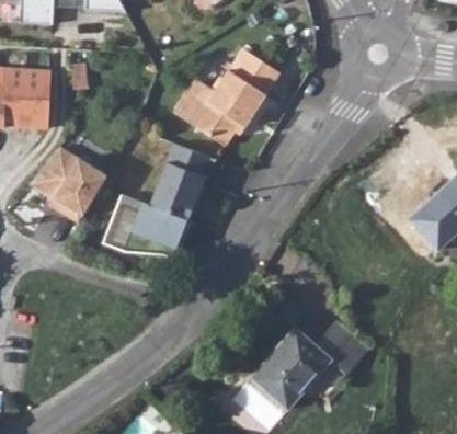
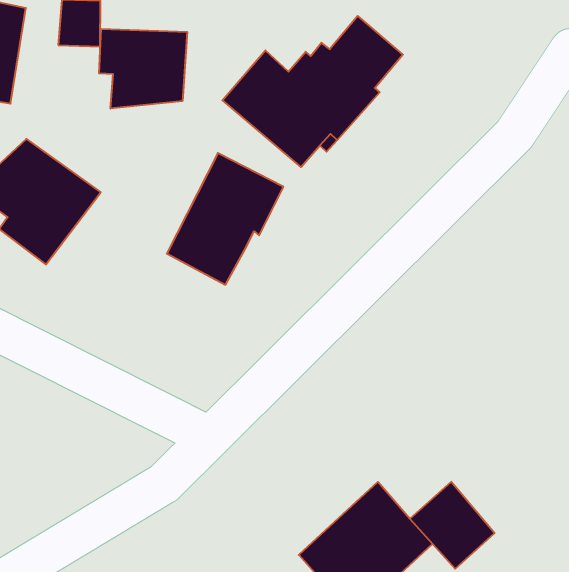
building: none -> [99,29,187,109]
building: [105,195,191,256] -> none

